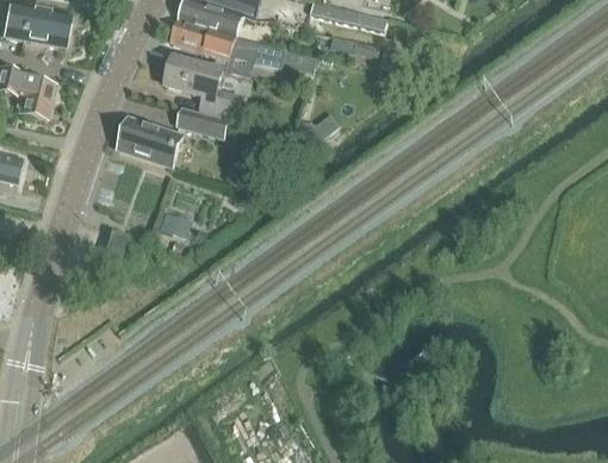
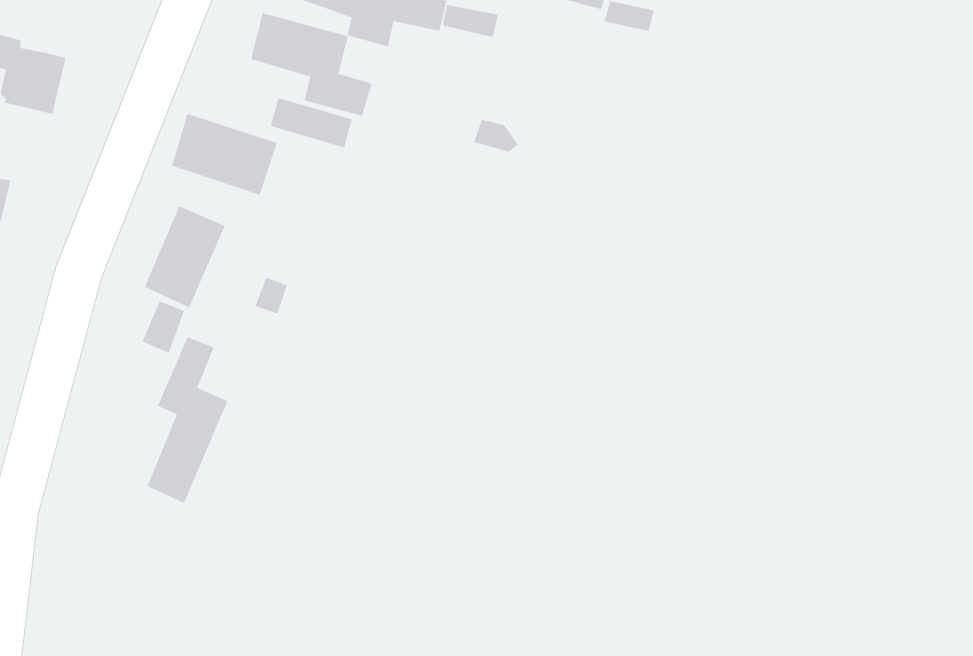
building: none -> [144,205,226,309]
building: none -> [147,336,229,504]

